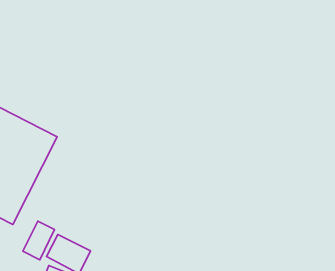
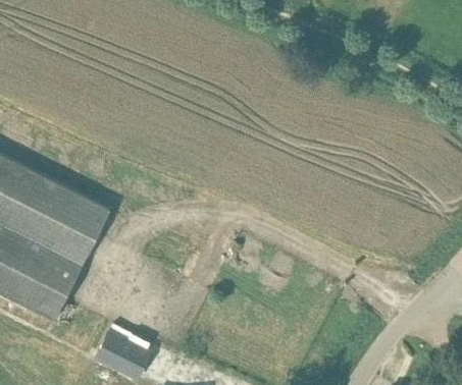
building: [23,221,55,260] -> none

